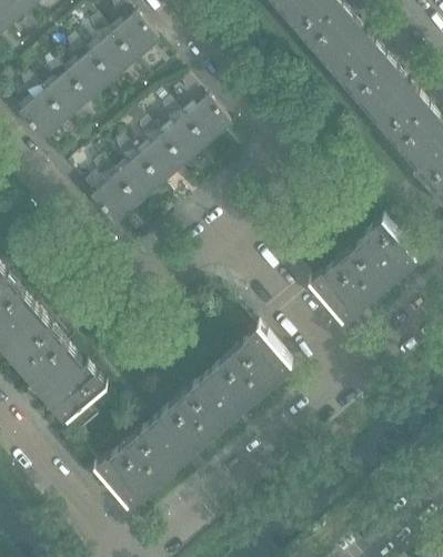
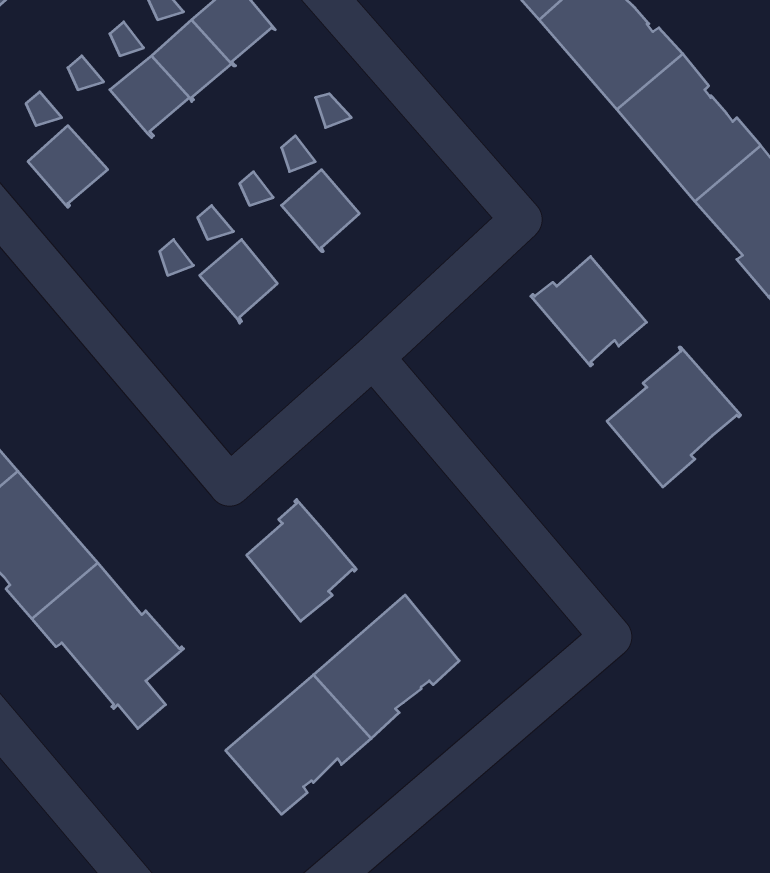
building: [41,75,85,121] -> none
building: [182,99,229,146] -> none
building: [138,140,181,185] -> none
building: [91,179,135,225] -> none
building: [308,260,372,321] -> [531,256,647,366]
building: [229,325,290,393] -> [247,499,356,621]
building: [93,443,160,505] -> none

